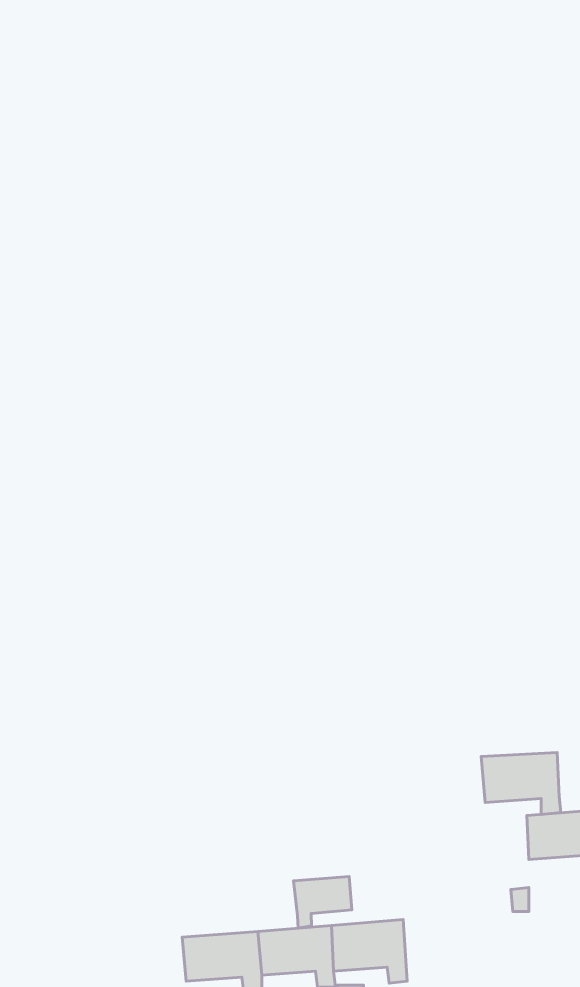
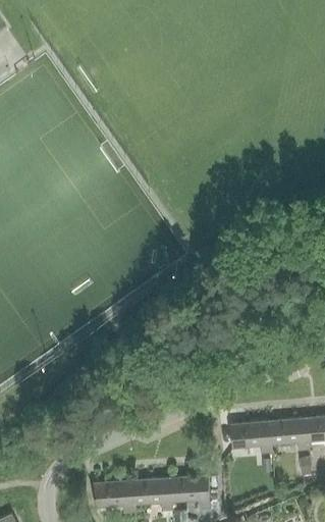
building: [481,753,561,814] -> [232,422,273,454]
building: [293,876,352,928] -> none

